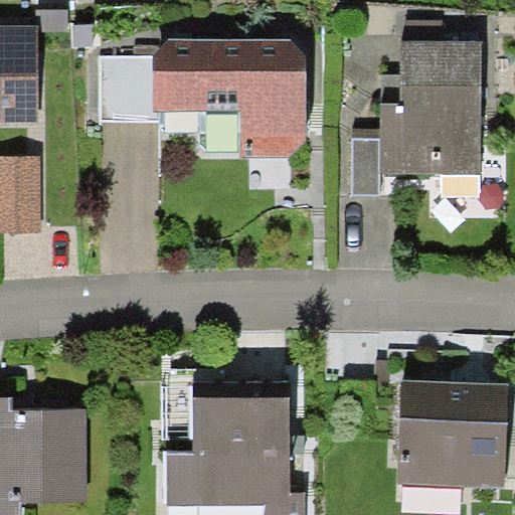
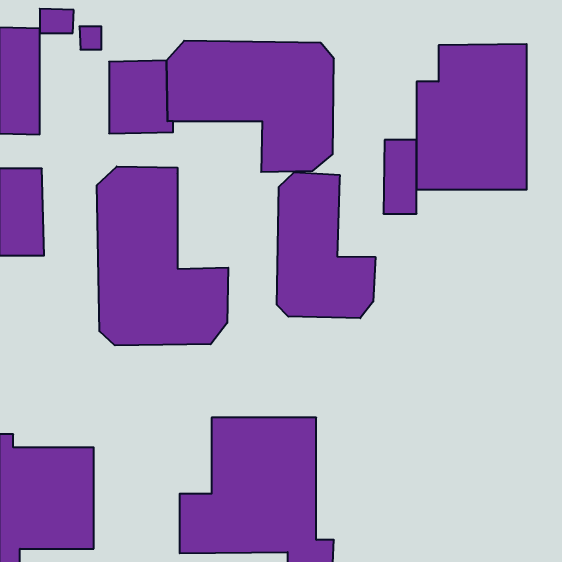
building: none -> [97,166,228,345]
building: none -> [277,172,375,318]
building: [396,381,507,487] -> none

